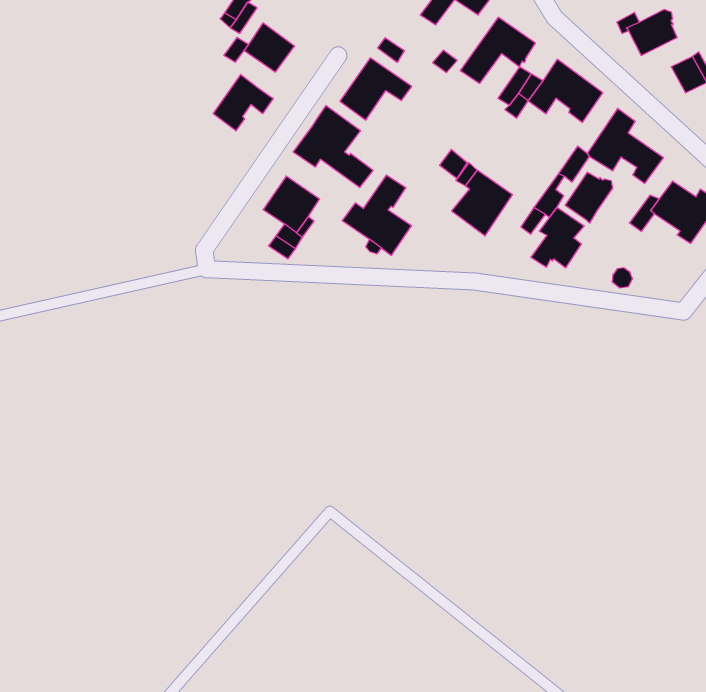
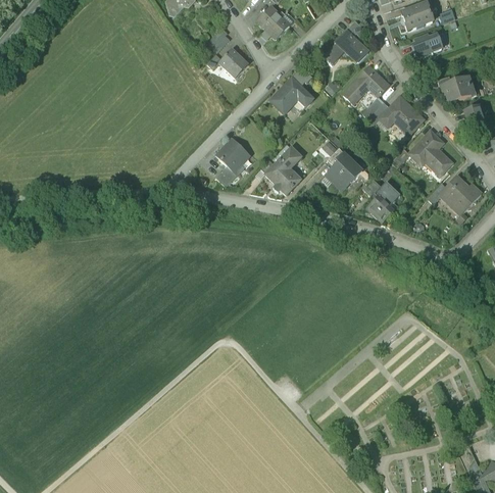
building: [213,74,273,131] -> none
building: [293,106,373,188] -> none
building: [565,172,612,223] -> none

